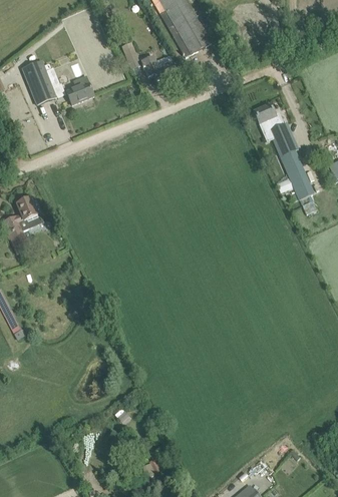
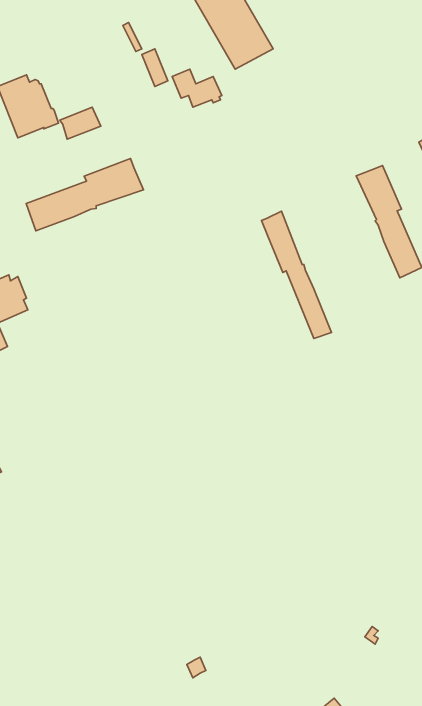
building: [254,103,281,131] -> none
building: none -> [26,159,143,231]
building: none -> [262,211,331,339]

